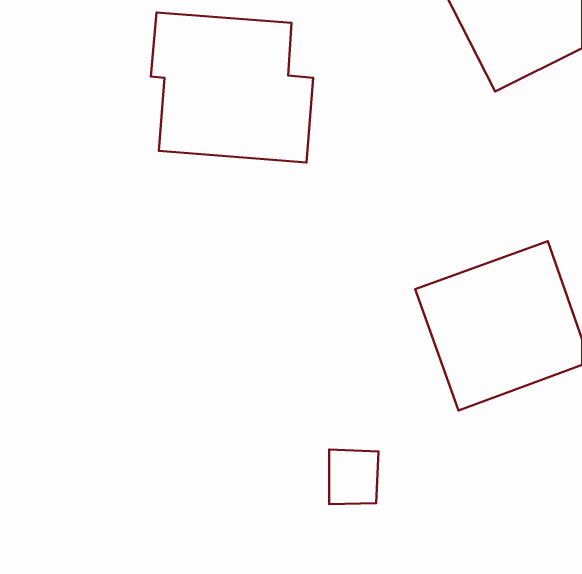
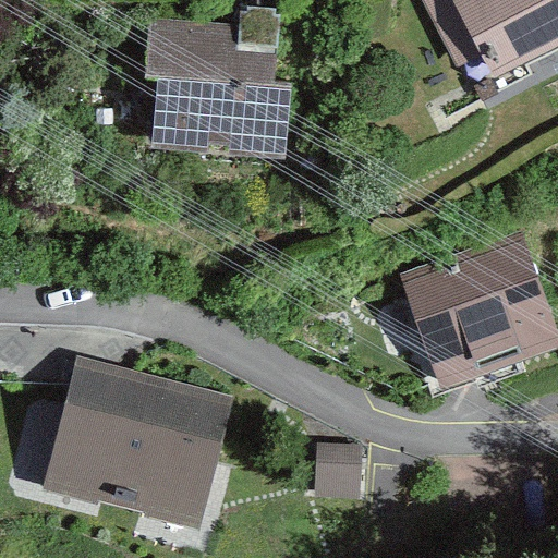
building: none -> [40,353,235,527]

